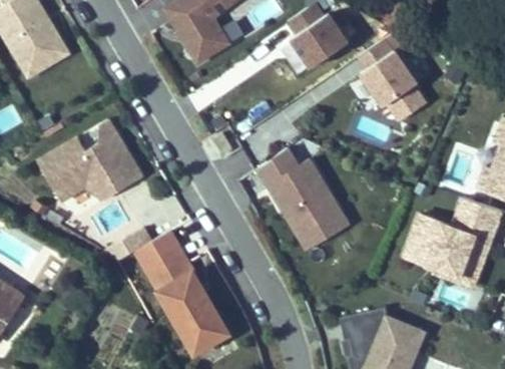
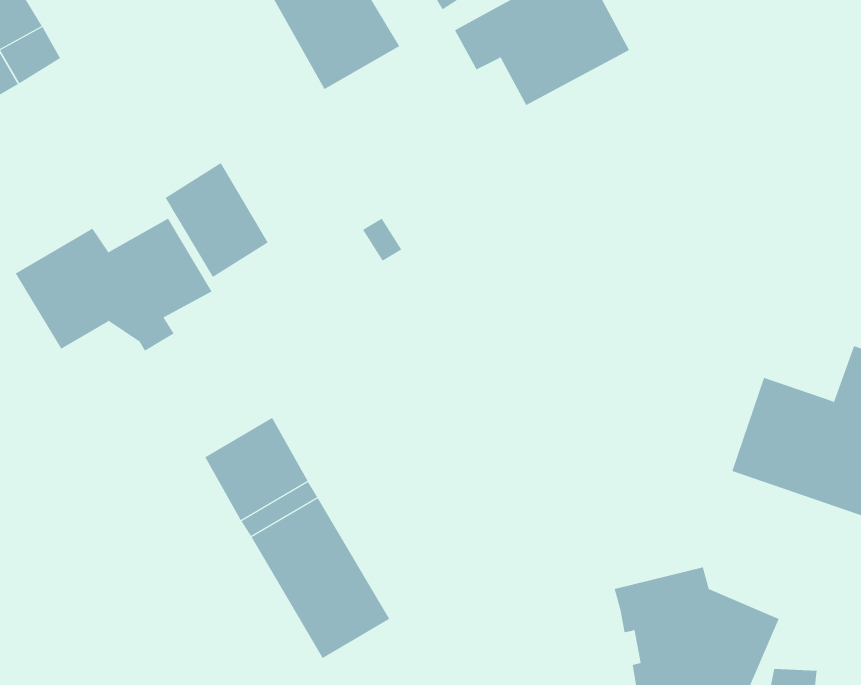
building: [354,38,431,125] -> none
building: none -> [165,162,269,278]
building: [257,148,351,254] -> none

